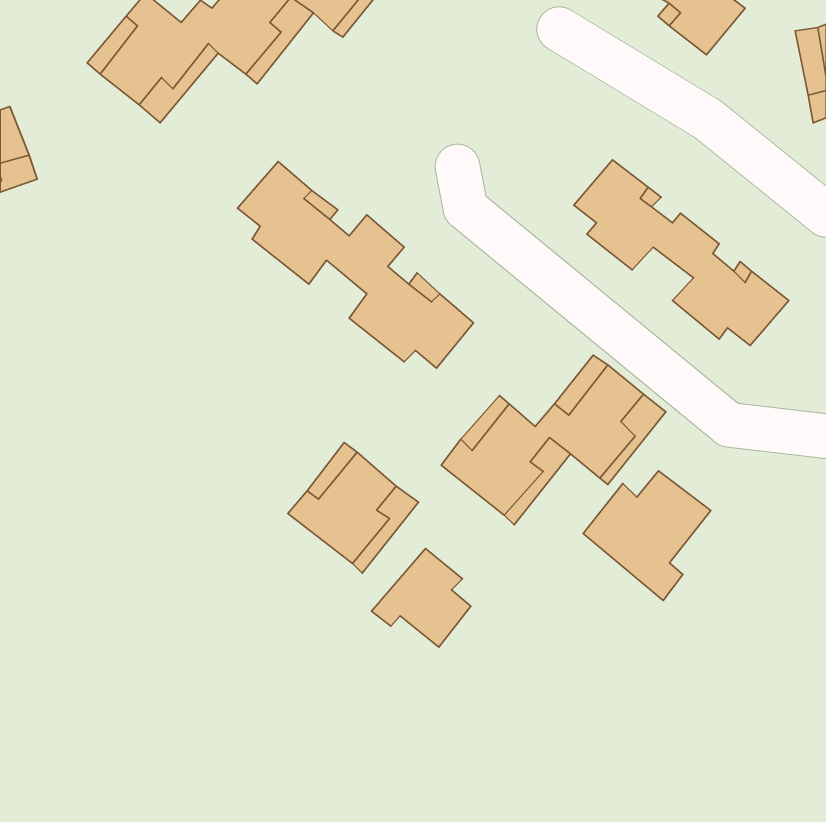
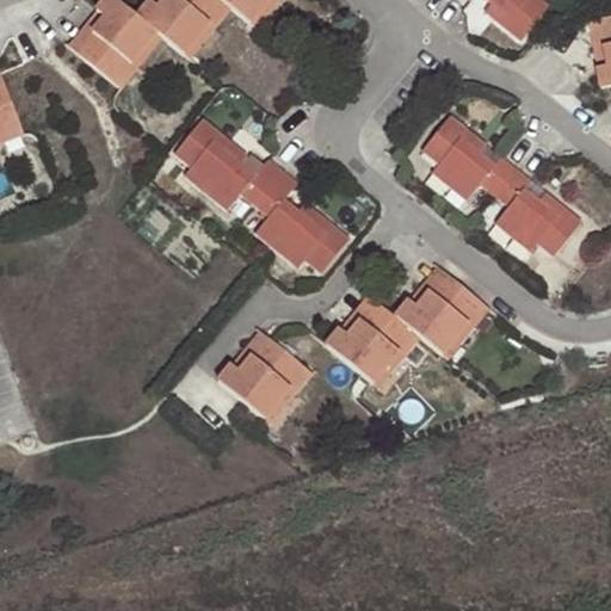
building: [583,471,711,601] -> none
building: [372,549,471,647] -> none

